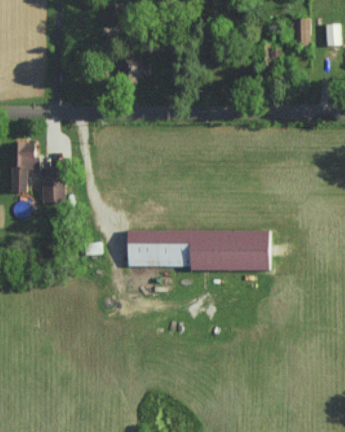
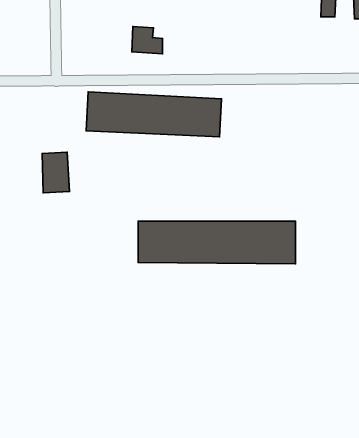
building: none -> [86,92,222,137]
building: [10,142,36,192] -> none

